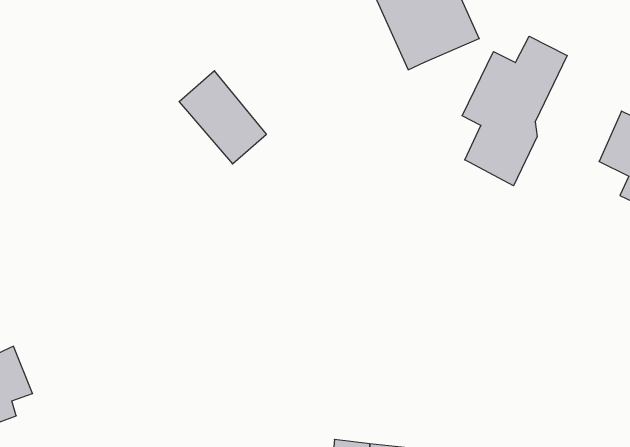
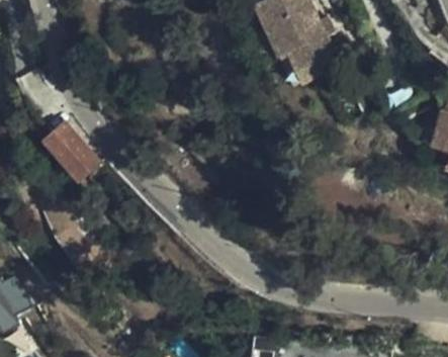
building: [462,36,567,186] -> none
building: [179,71,266,164] -> [46,114,105,178]

